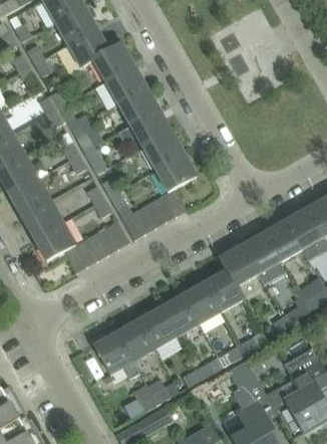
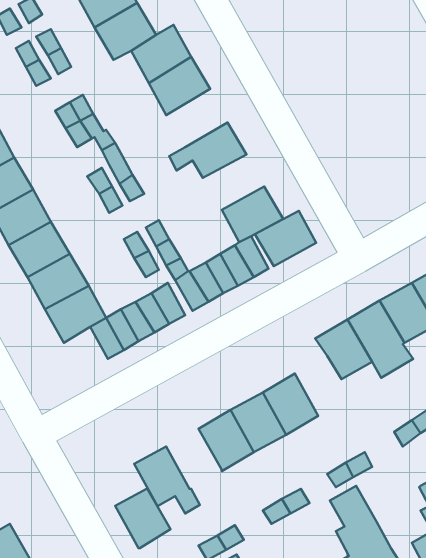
building: [116,86,158,127] -> none
building: [141,132,184,170] -> [255,211,316,266]
building: [205,270,244,311] -> none
building: [116,320,154,362] -> [115,488,171,548]

